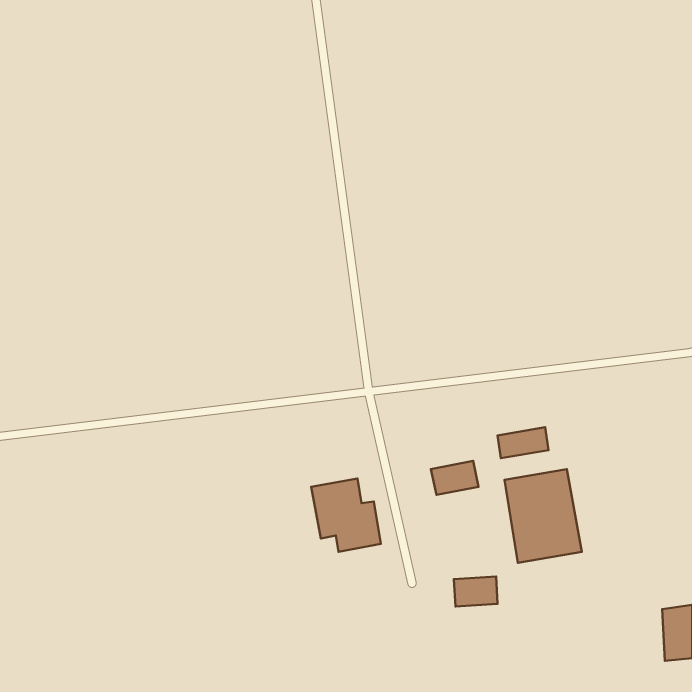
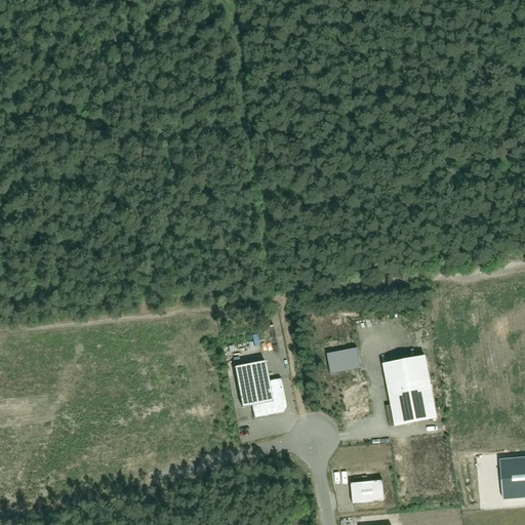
building: [497,427,549,458] -> none
building: [454,577,497,607] -> [351,479,383,501]

